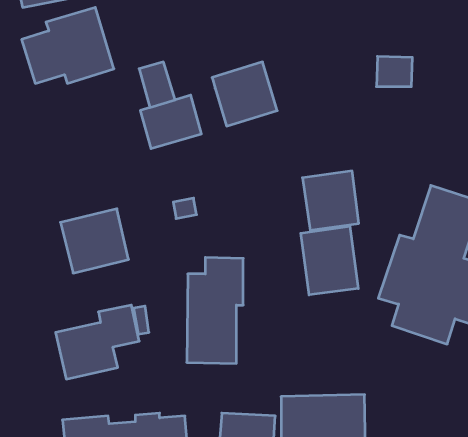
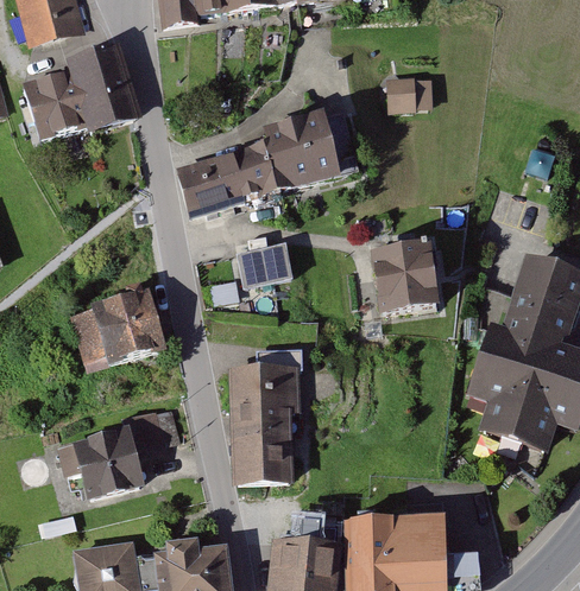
building: [376,56,412,87] -> [391,72,435,109]
building: [139,62,175,108] -> [234,144,278,199]
building: none -> [241,244,285,284]
building: [301,226,358,295] -> none

